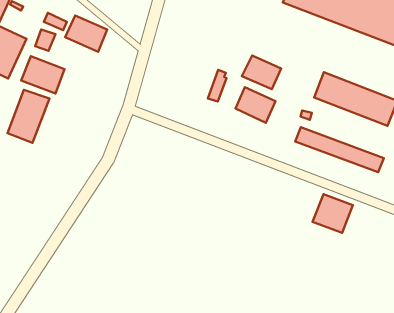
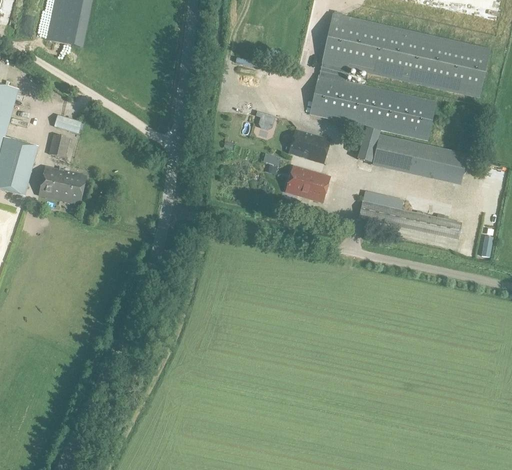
building: none -> [309,73,437,161]
building: [65,15,107,52] -> none
building: [8,90,49,143] -> none
building: [313,194,353,233] -> none

